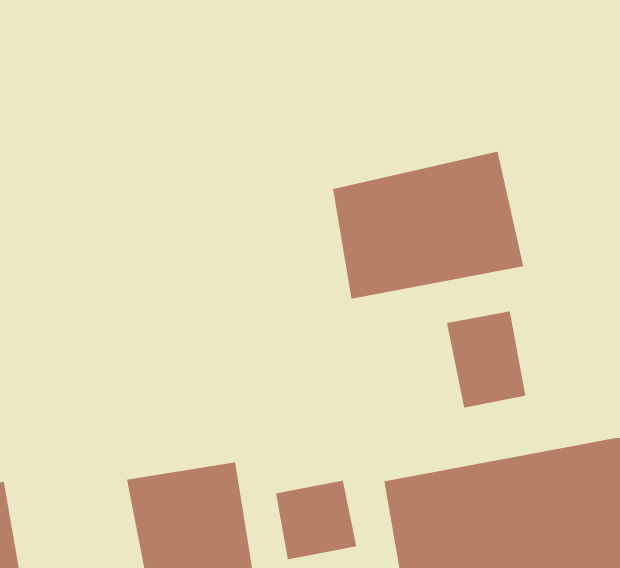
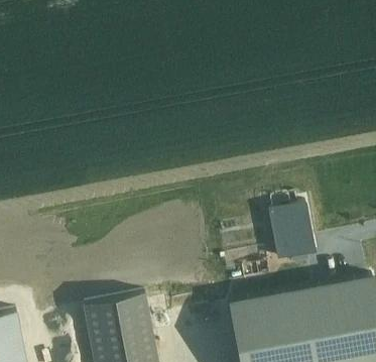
building: [333,151,524,299] -> none
building: [275,480,357,560] -> none

